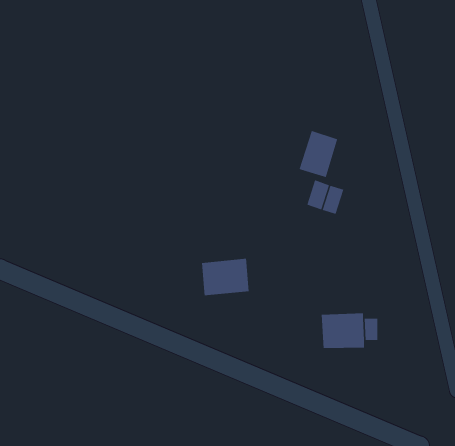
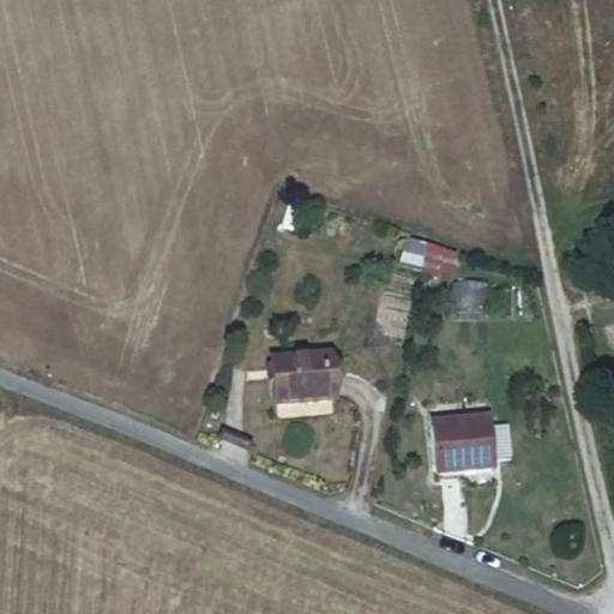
building: [299,130,338,178] -> none

